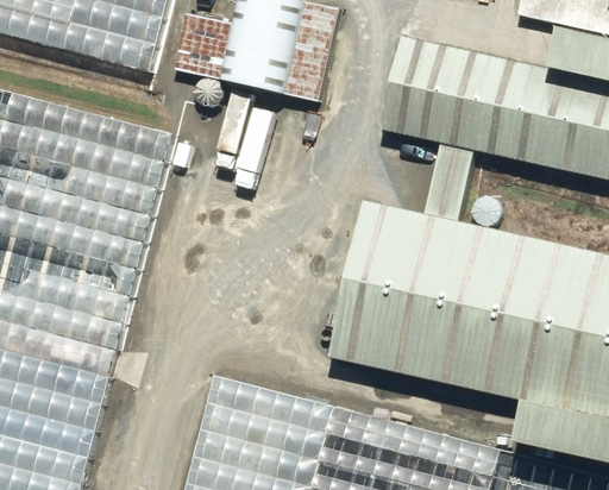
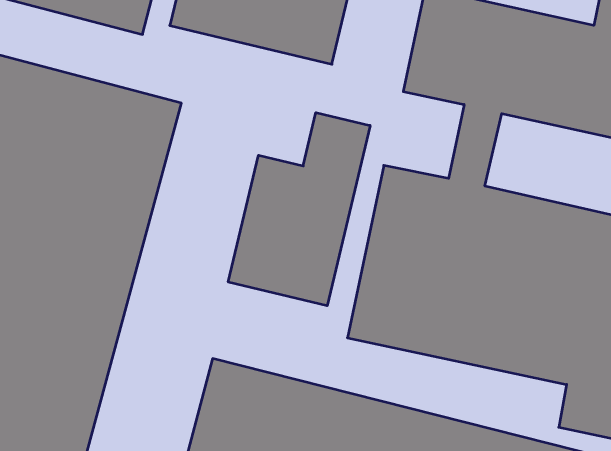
building: none -> [228,113,370,306]

